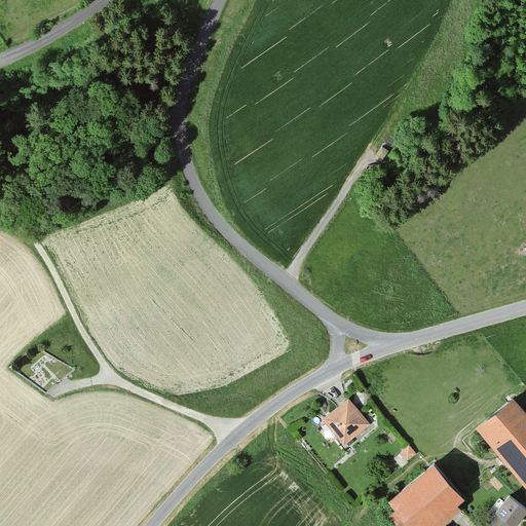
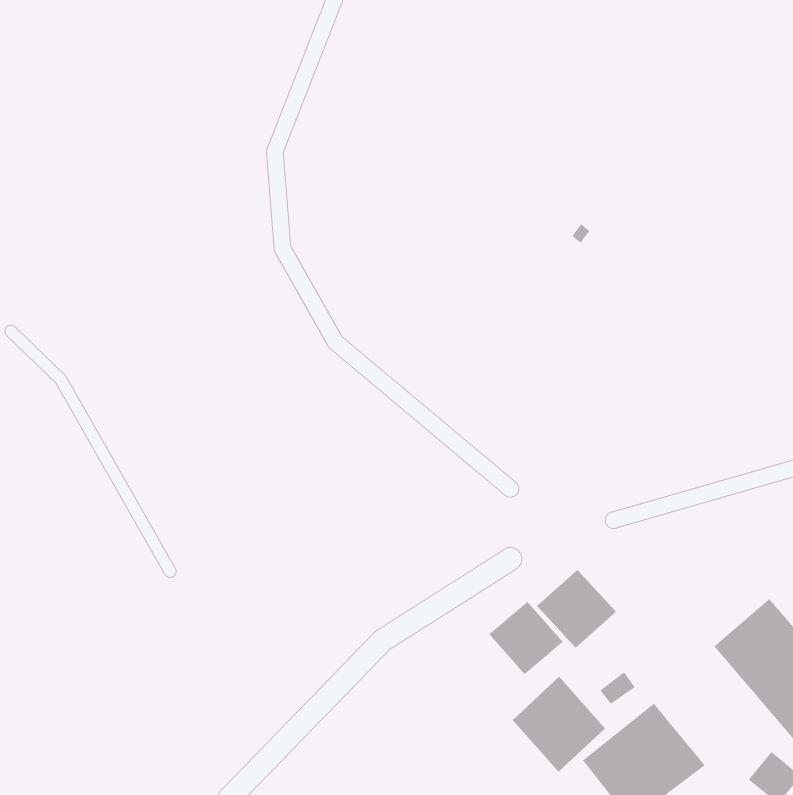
building: none -> [536,569,617,648]
building: none -> [512,676,606,773]

